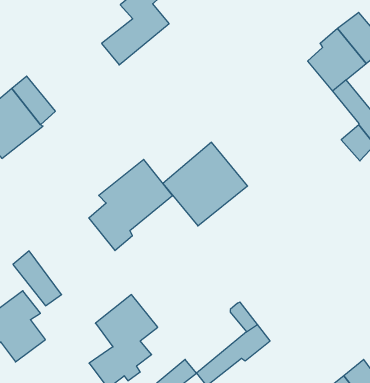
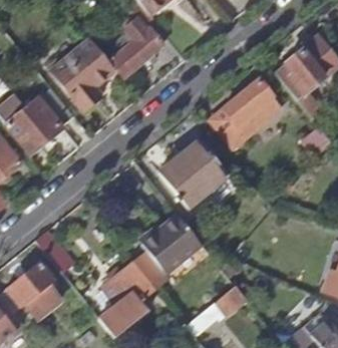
building: none -> [49,39,112,111]
building: none -> [209,80,281,149]
building: [89,159,172,251] -> [133,216,201,289]

